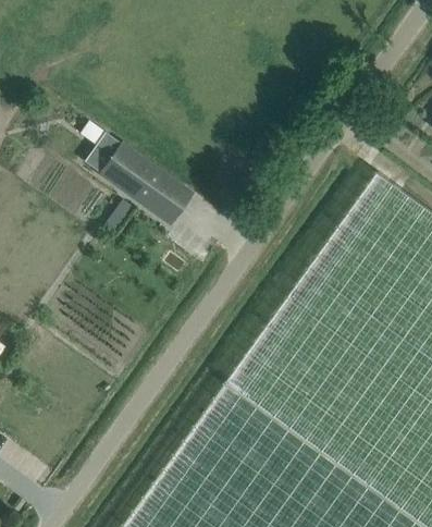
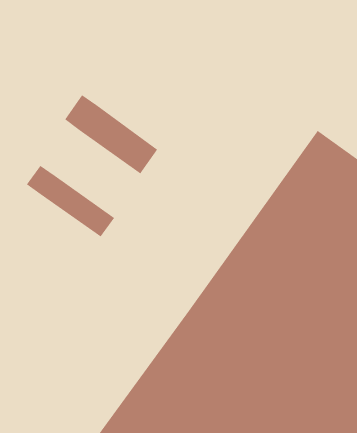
building: none -> [26,165,115,238]

